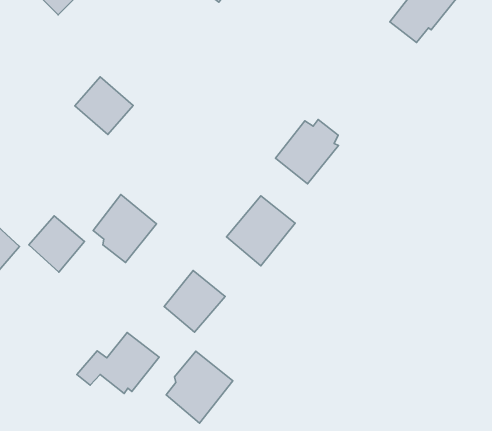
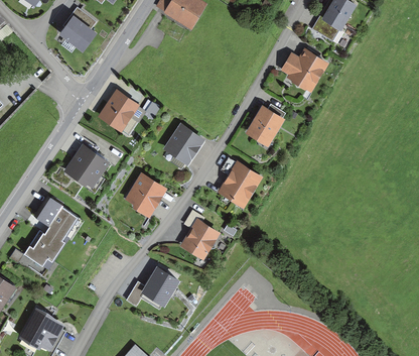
building: none -> [280,47,330,94]
building: none -> [165,124,202,160]
building: [29,216,85,272] -> [66,146,105,185]
building: [166,351,233,423] -> none

